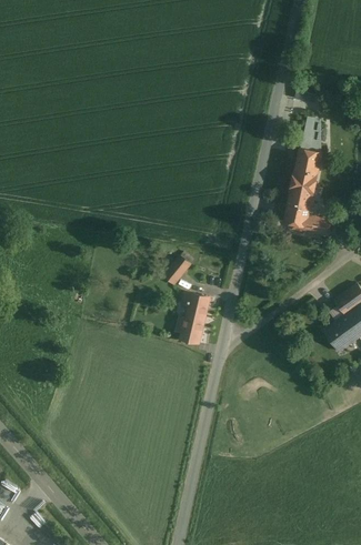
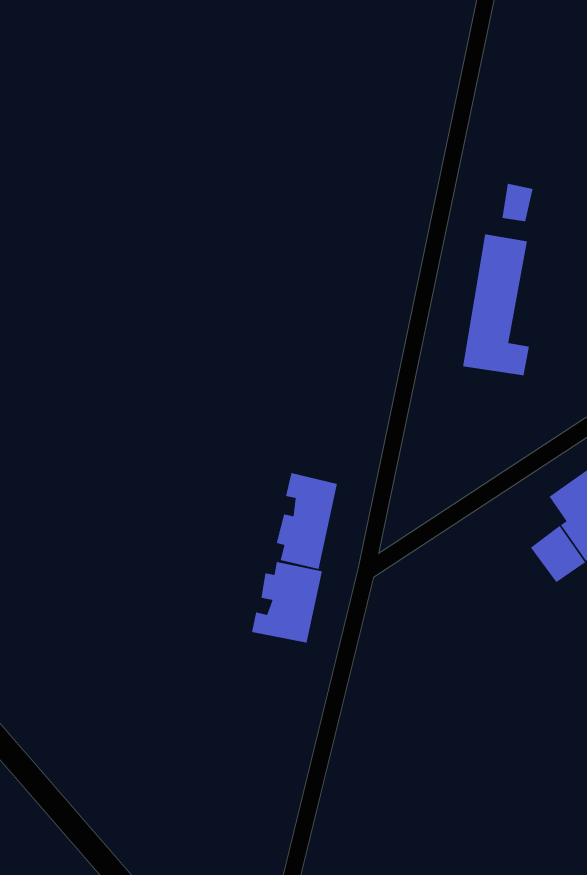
building: [161,253,192,286] -> none
building: none -> [251,561,323,644]

